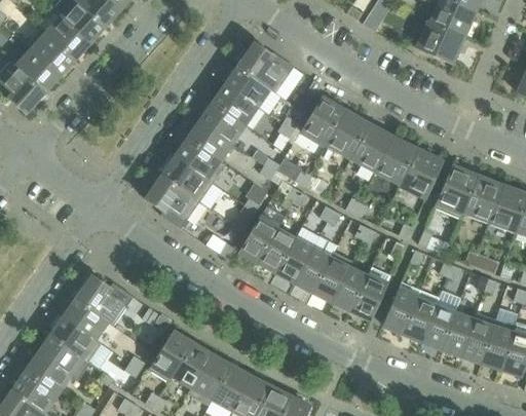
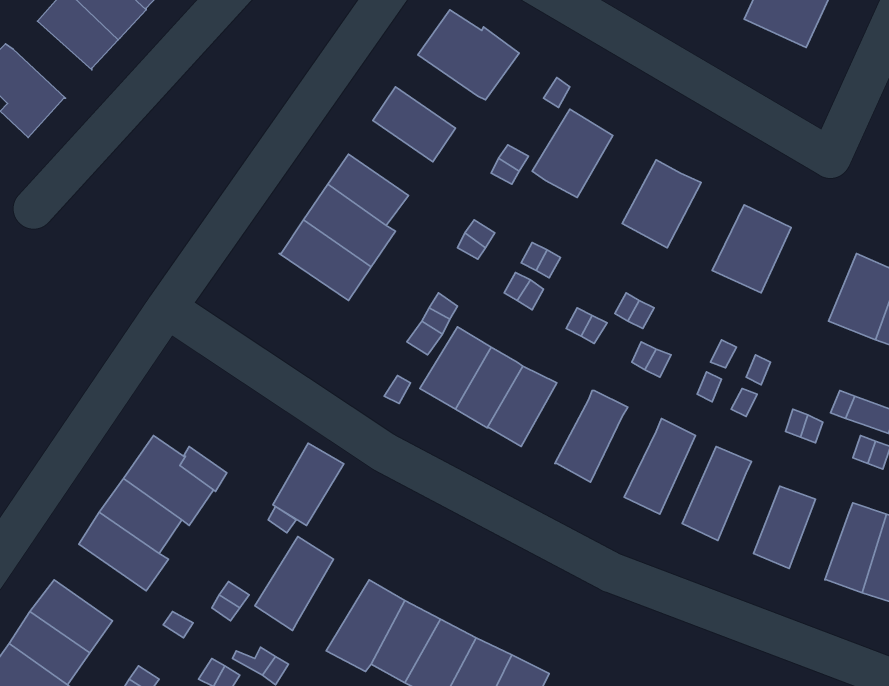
building: [16,48,60,90] -> none
building: [226,67,271,107] -> none
building: [200,103,247,144] -> none
building: [326,111,369,159] -> none
building: [375,137,417,185] -> none
building: [434,165,479,219] -> none
building: [146,176,200,228] -> none
building: [295,235,338,291] -> none
building: [333,265,369,309] -> none
building: [403,290,440,340] -> none
building: [442,310,475,354] -> none
building: [39,335,91,381] -> none
building: [173,343,212,388] -> [273,443,344,526]

